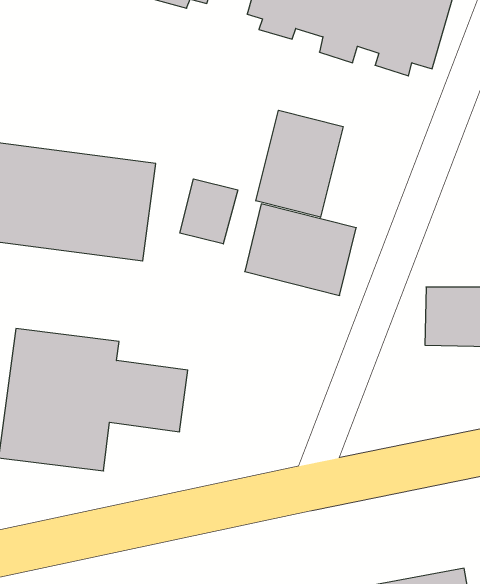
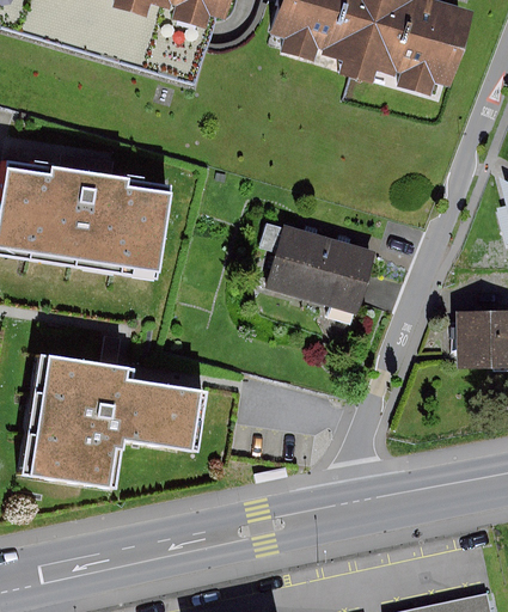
building: [256,110,343,217] -> none
building: [180,179,238,244] -> none

